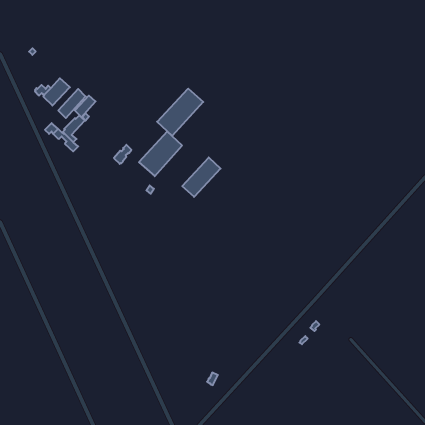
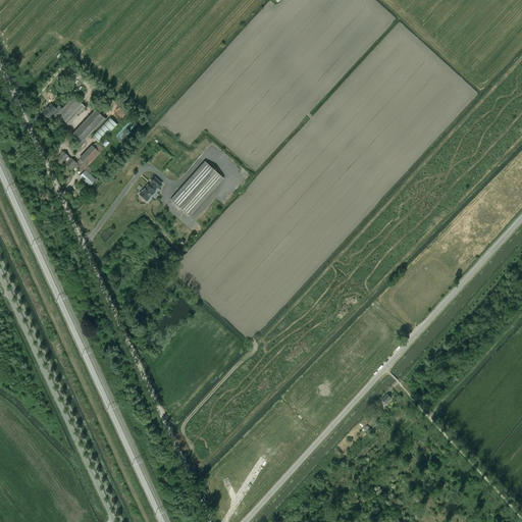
building: [157,89,203,136] -> none
building: [182,157,221,197] -> none

